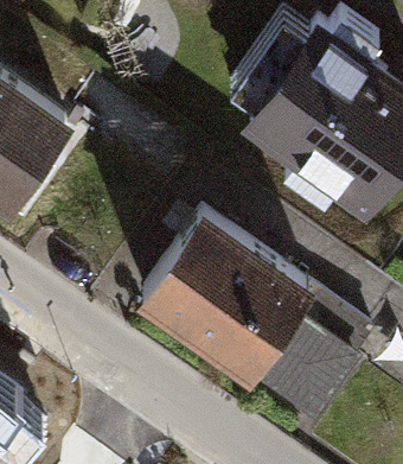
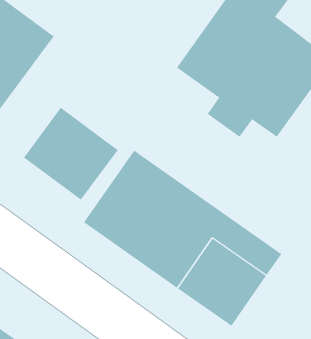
building: none -> [23,107,118,201]

